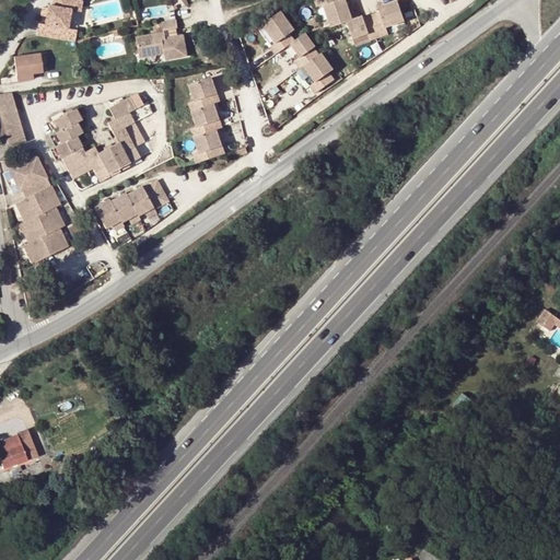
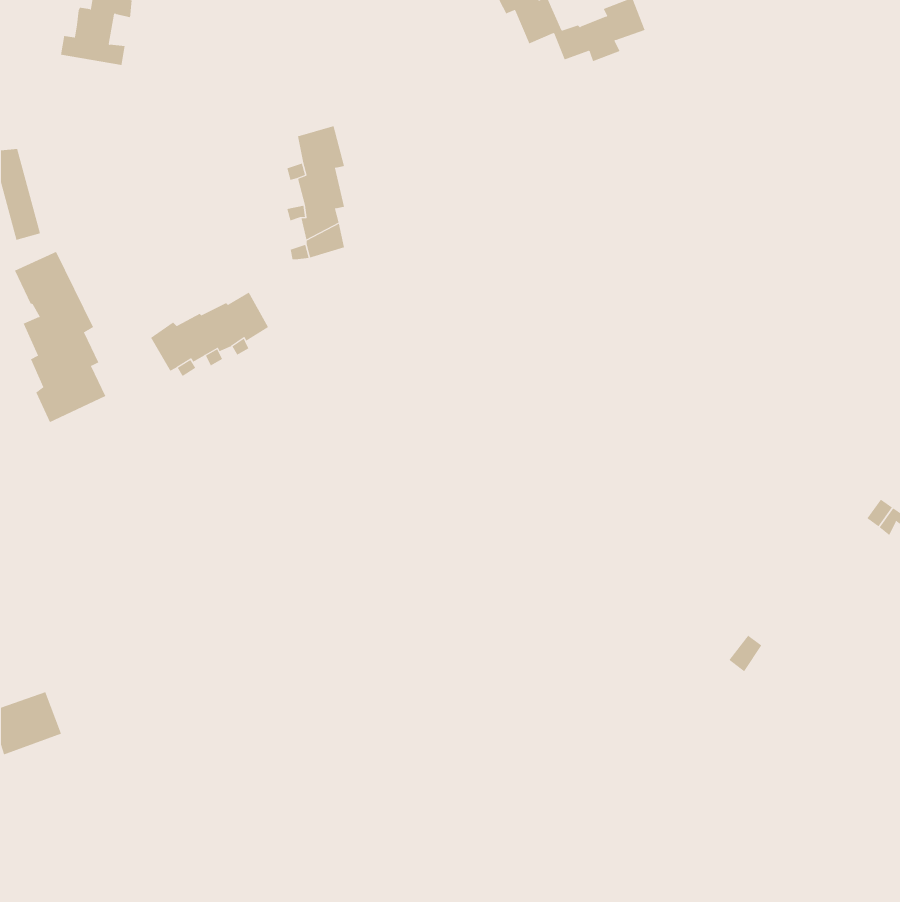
building: [261,13,331,95] -> none
building: [138,21,188,60] -> none
building: [14,52,43,75] -> none
building: [56,97,137,174] -> none

